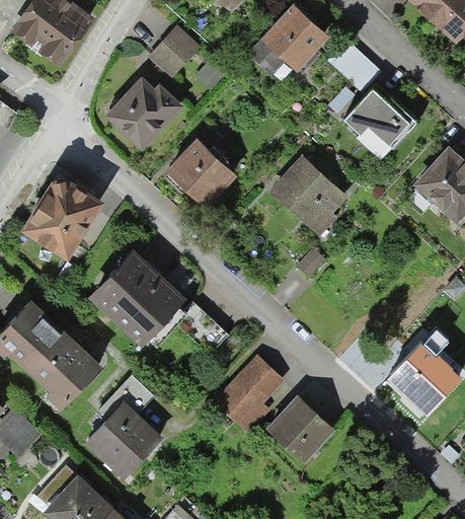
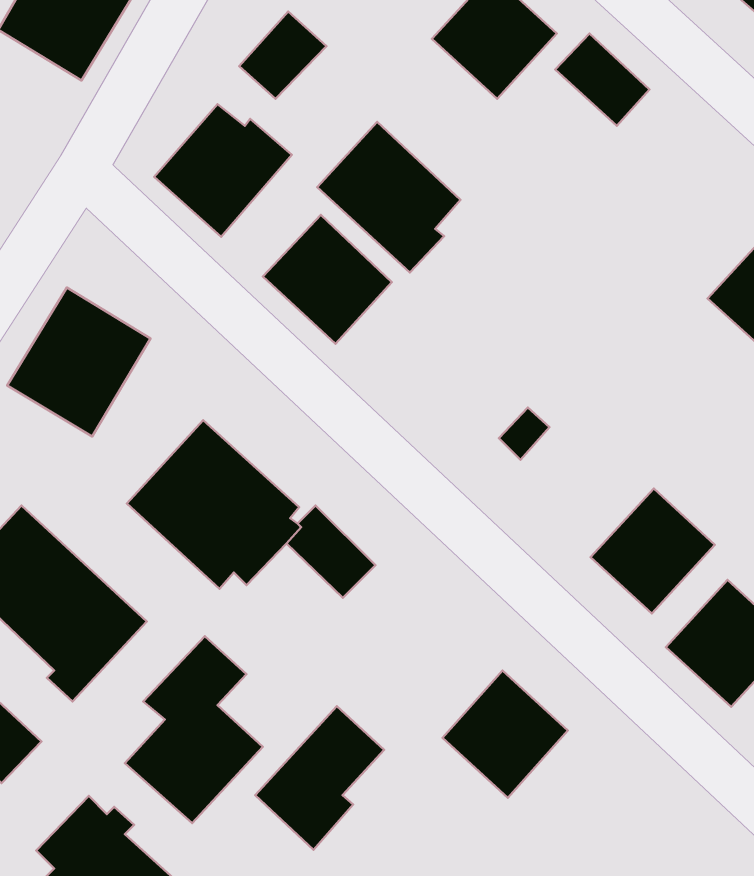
building: [343,89,411,148] -> none
building: [267,152,347,236] -> [317,122,460,273]
building: none -> [591,488,715,614]
building: [213,352,285,432] -> [255,706,384,850]

